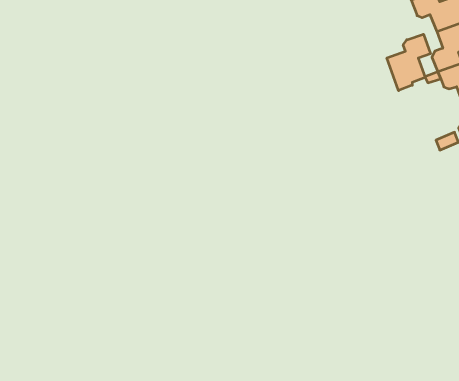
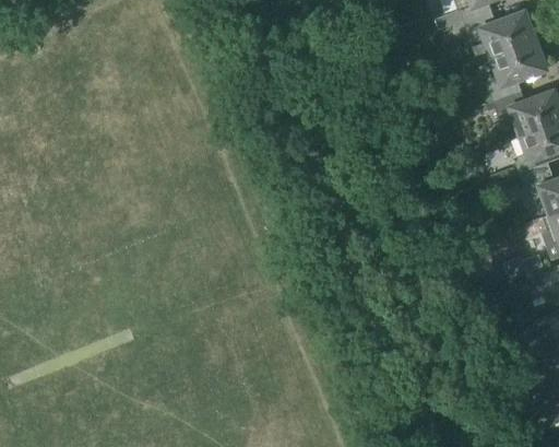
building: [387,34,430,91] -> none

